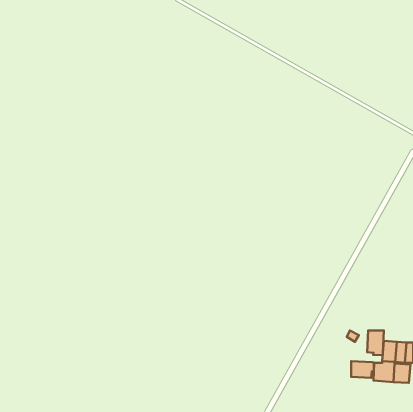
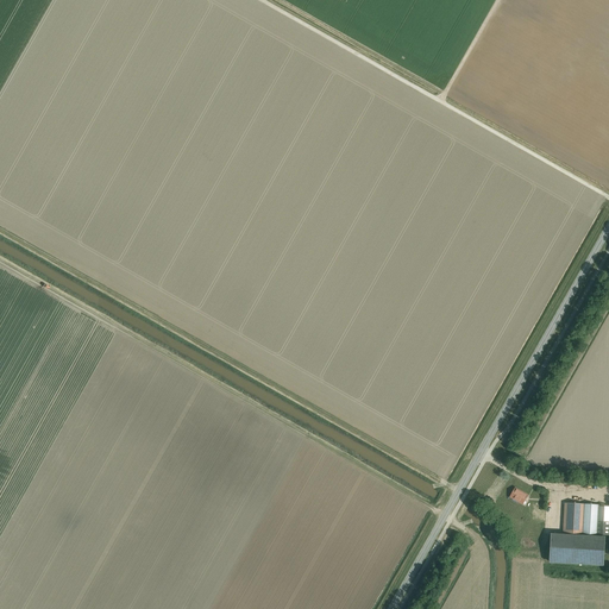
building: [367,330,384,355] -> none
building: [351,361,374,378] -> none

